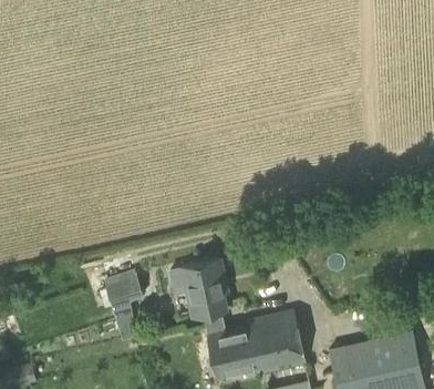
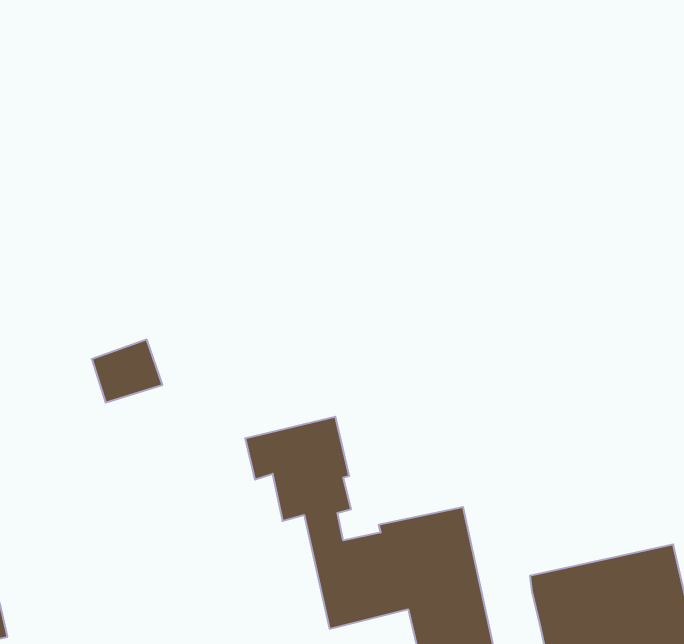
building: [104,273,144,308] -> [92,340,162,402]

